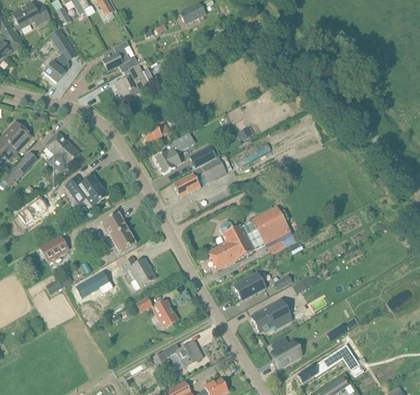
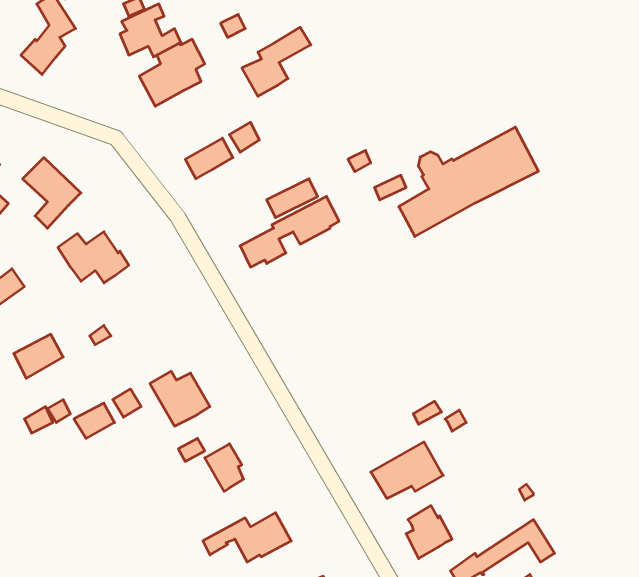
building: [154,132,194,173] -> [242,27,311,96]
building: [208,205,290,269] -> [399,127,538,237]
building: [101,212,135,252] -> none
building: [233,271,265,299] -> none

